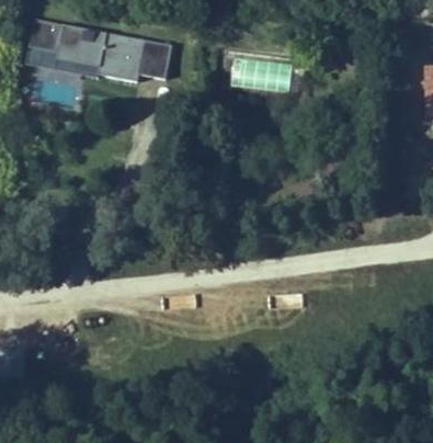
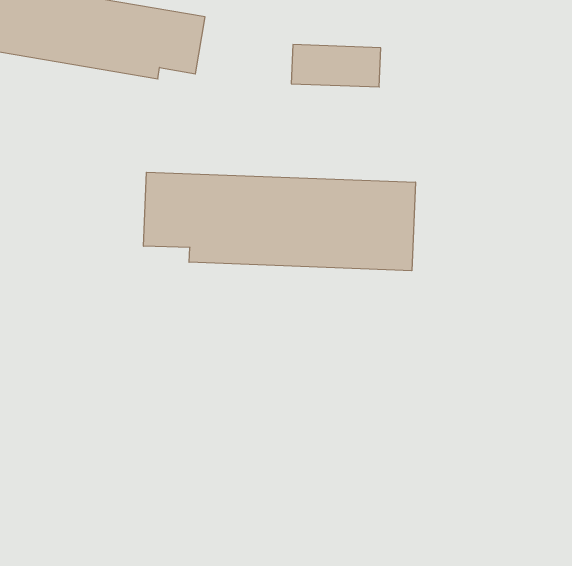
building: none -> [144,172,415,271]

